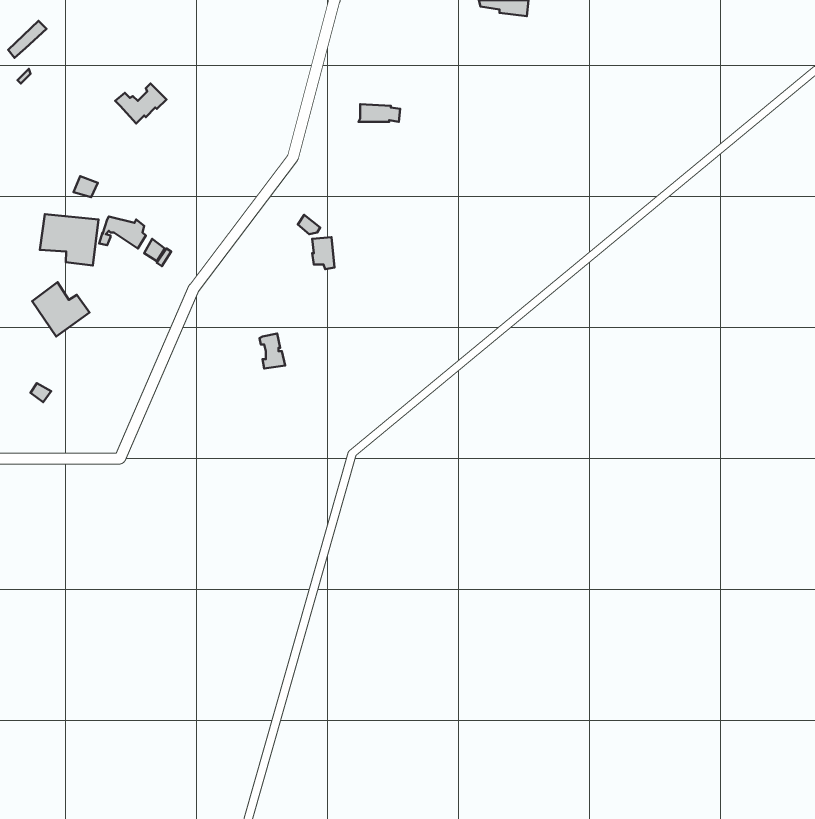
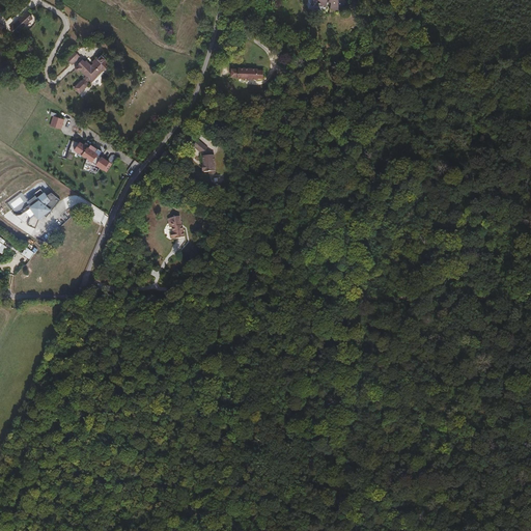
building: [40,214,98,266] -> none

